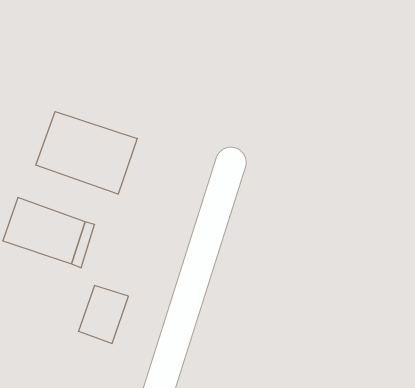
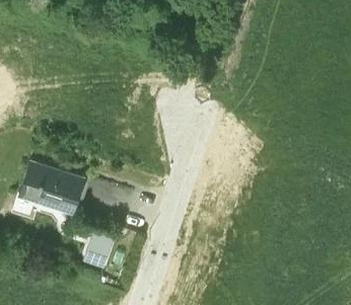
building: [36,112,137,194] -> none

